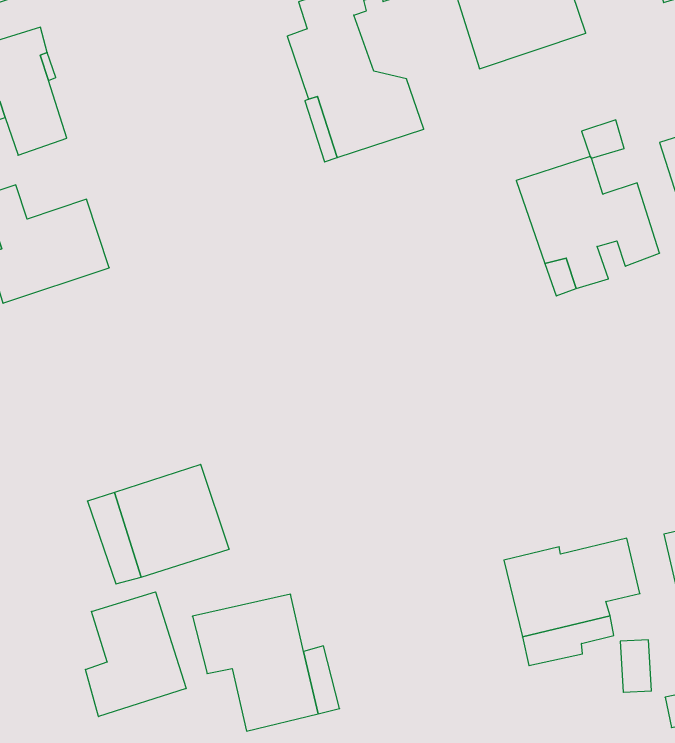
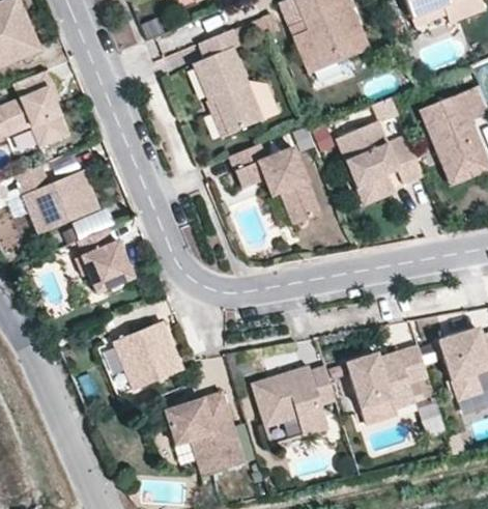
building: none -> [229,143,320,224]
building: none -> [75,227,135,293]
building: none -> [252,366,336,434]
building: [85,592,186,717] -> none

